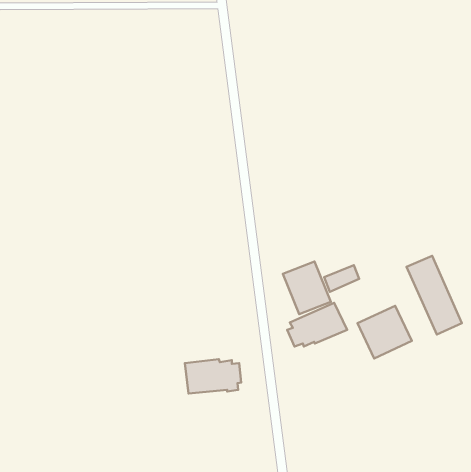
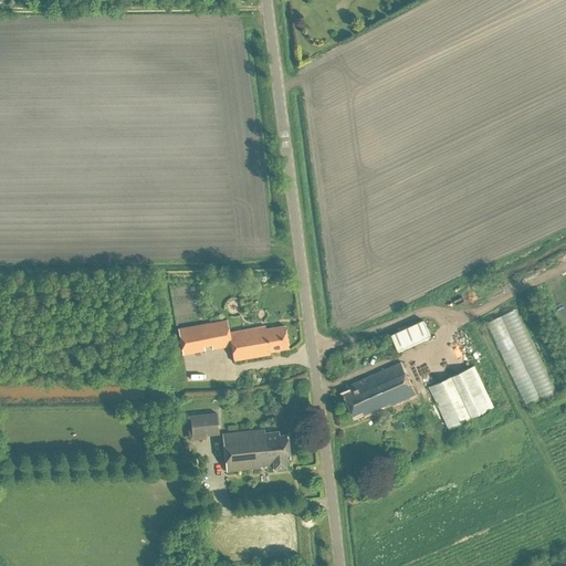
building: [283,261,331,314] -> none
building: none -> [177,321,287,363]
building: none -> [185,412,218,441]

